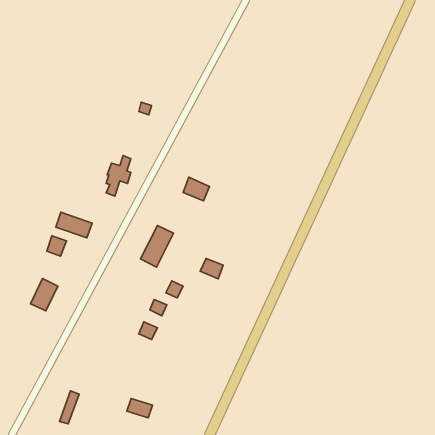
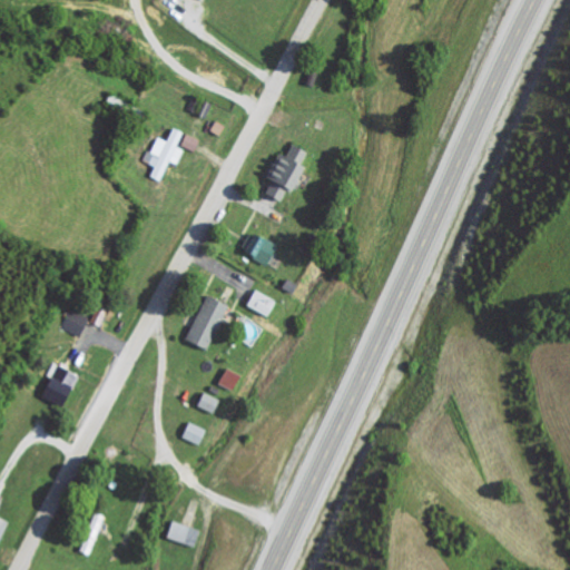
building: none -> [264,144,305,203]
building: [106,155,131,196] -> [149,127,181,180]
building: [56,212,92,238] -> none
building: [200,258,223,279] -> [245,289,275,316]

